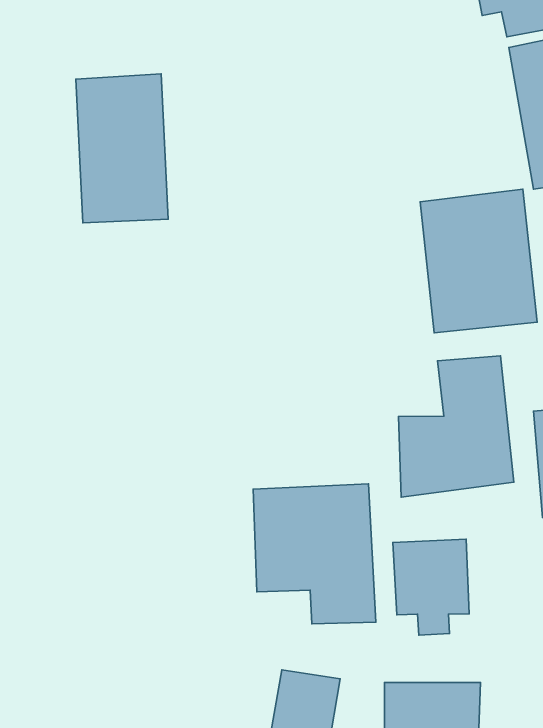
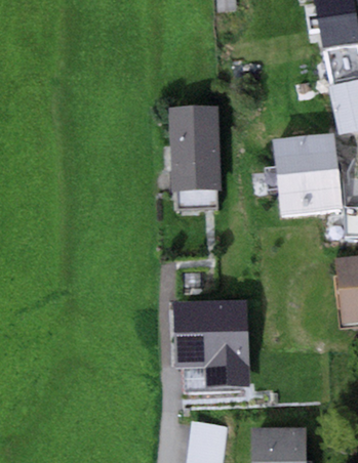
building: [76,74,168,223] -> [167,109,221,195]
building: [398,356,514,497] -> none
building: [393,539,469,635] -> none

